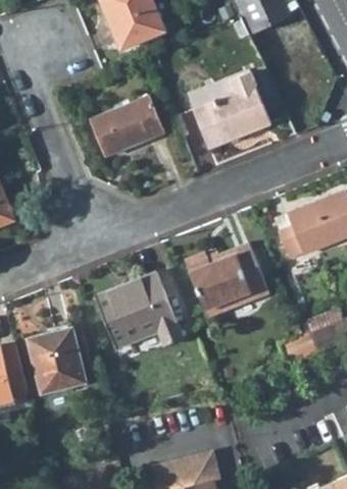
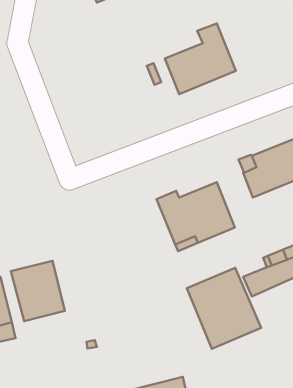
building: [92,97,164,156] -> none
building: [95,271,183,348] -> none
building: none -> [187,268,261,349]

